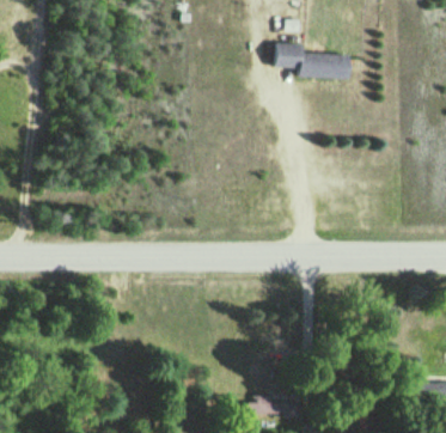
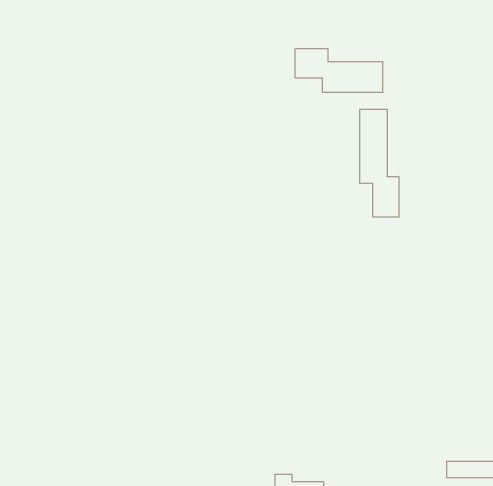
building: none -> [360,109,399,217]

